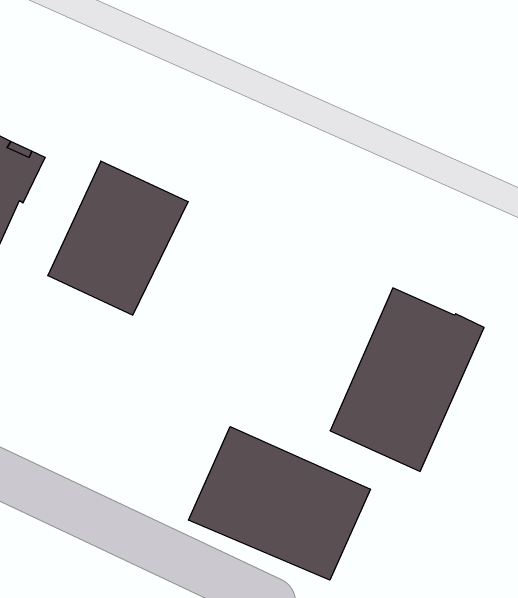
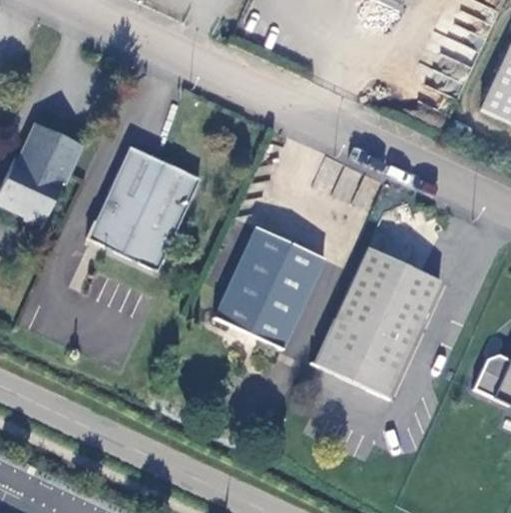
building: none -> [217,226,327,351]
building: [189,427,370,580] -> none

